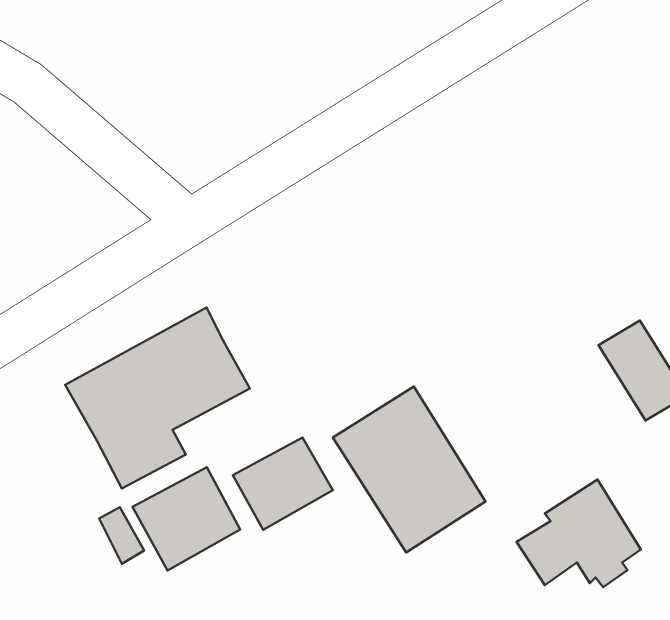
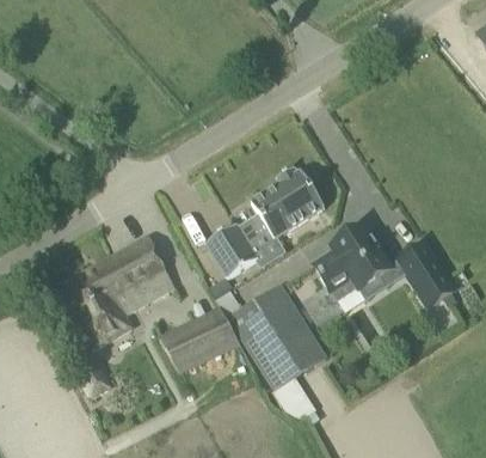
building: none -> [205,165,325,277]
building: [132,467,240,570] -> none
building: [516,480,641,587] -> [313,224,392,292]

